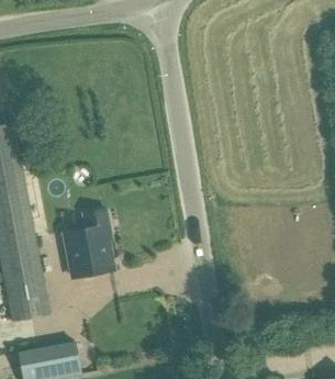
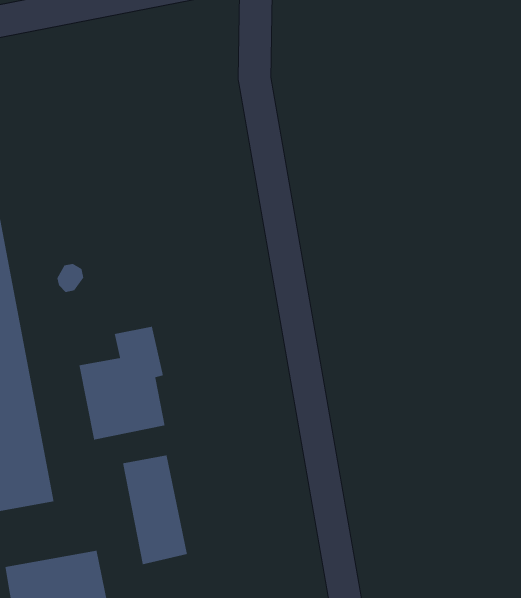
building: none -> [122,455,188,565]

